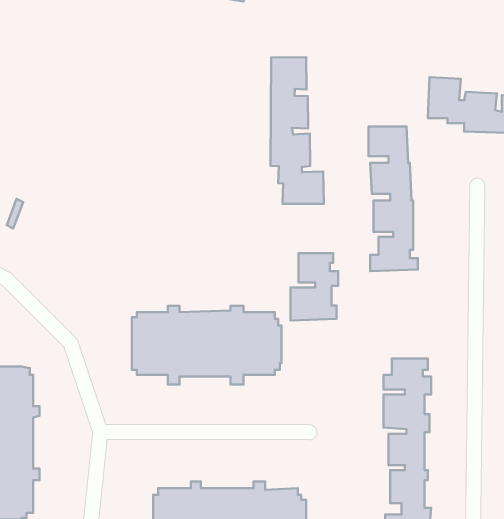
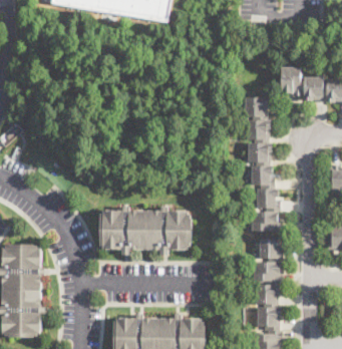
building: [270,57,324,204] -> none
building: [290,253,338,320] -> [252,191,281,232]

